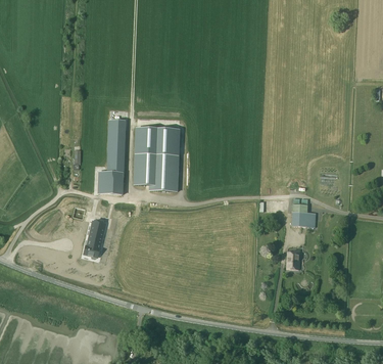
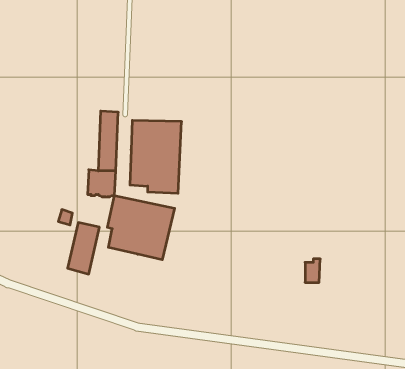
building: none -> [107,196,175,260]
building: [292,203,316,227] -> none

